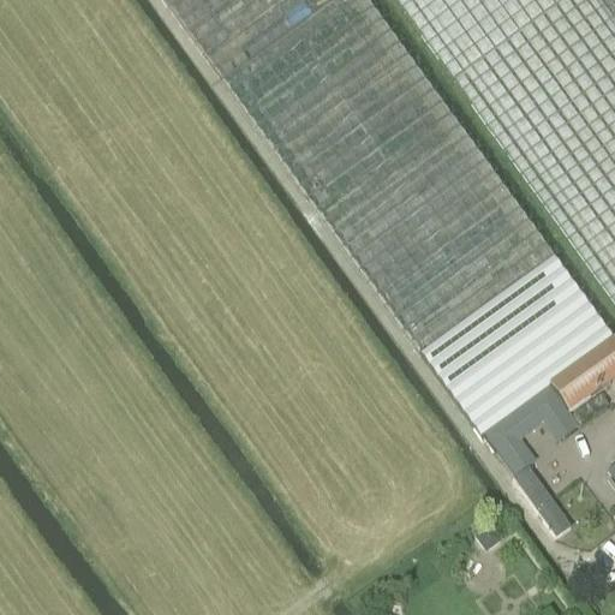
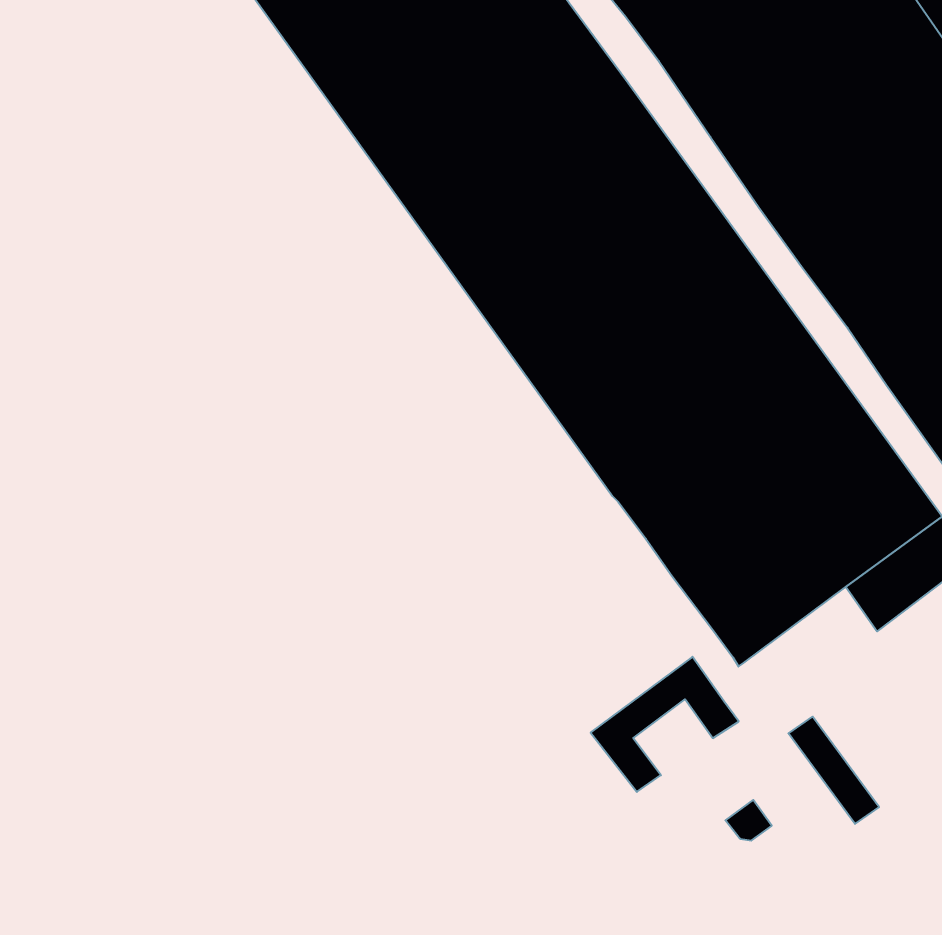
building: [485,381,581,468] -> [591,657,739,792]

